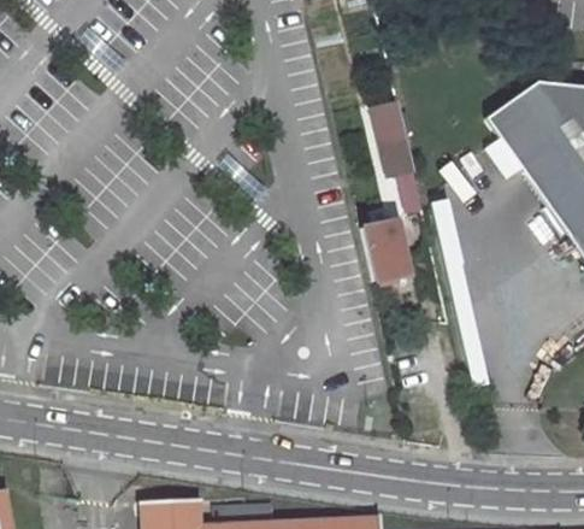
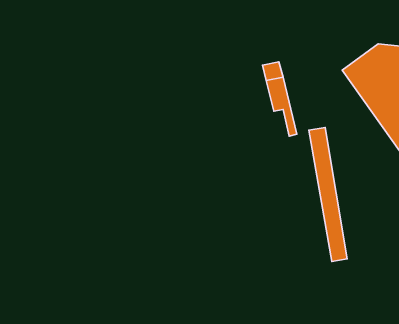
building: [364,229,401,284] -> none

